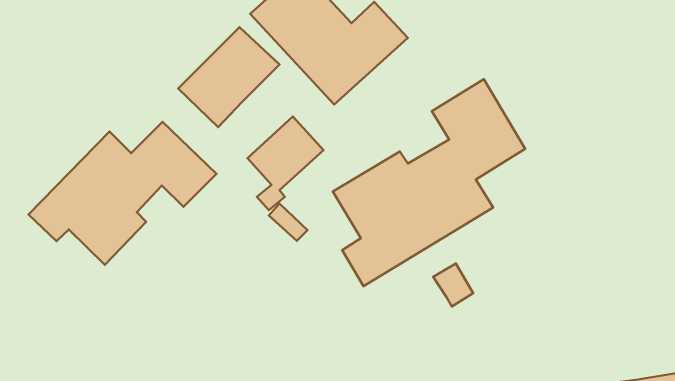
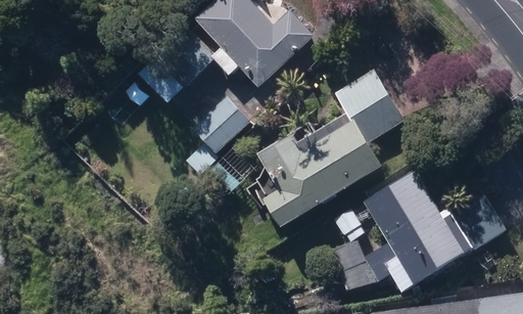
building: [28,122,216,265] -> none
building: none -> [339,170,507,294]

